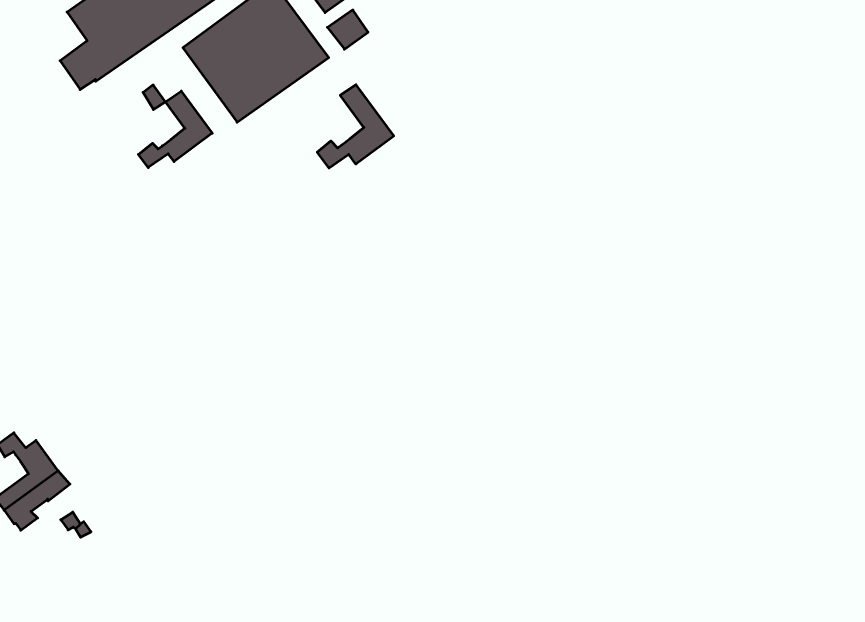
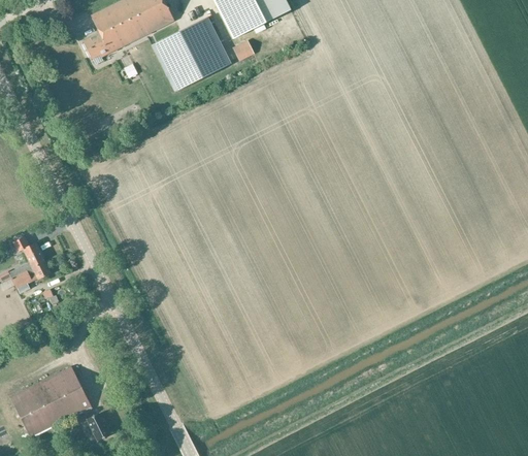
building: [317,85,394,168] -> none
building: [138,91,212,168] -> none

